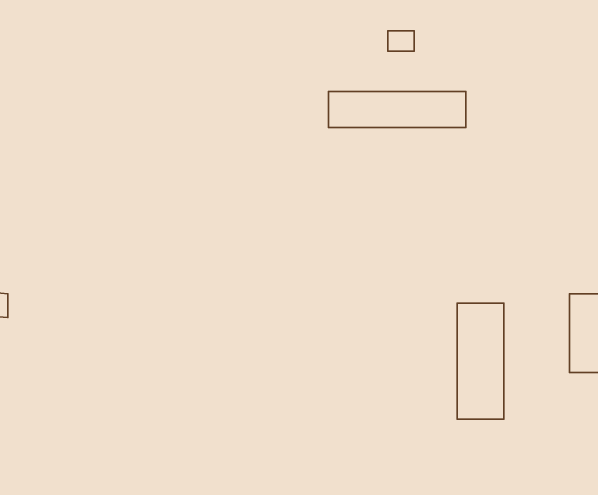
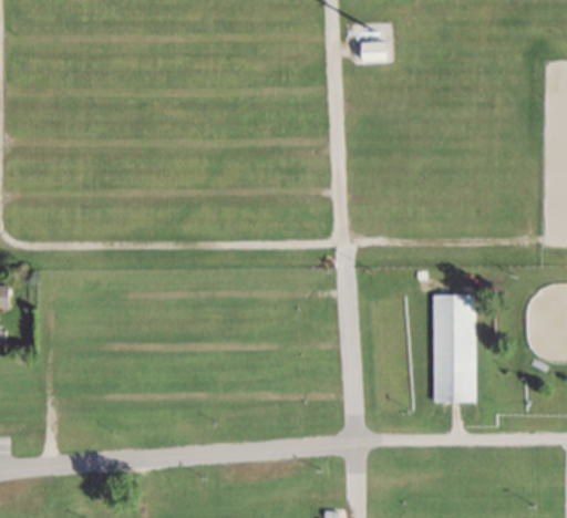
building: [328,91,466,127] -> none

